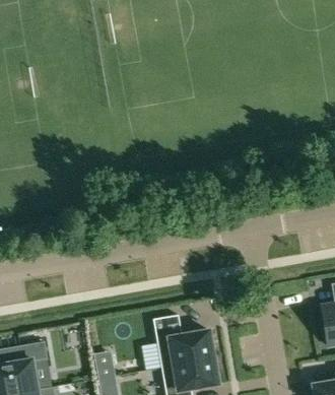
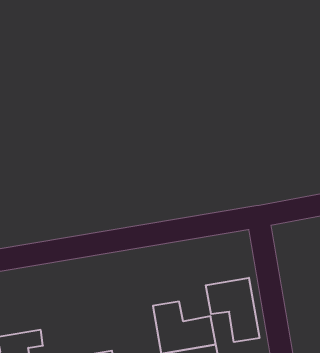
building: none -> [206,278,259,342]

